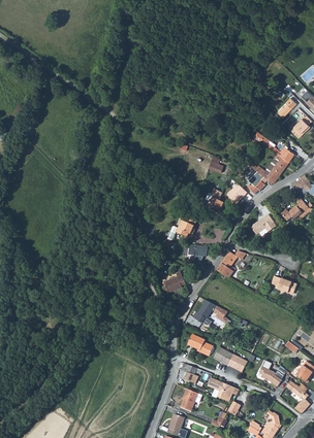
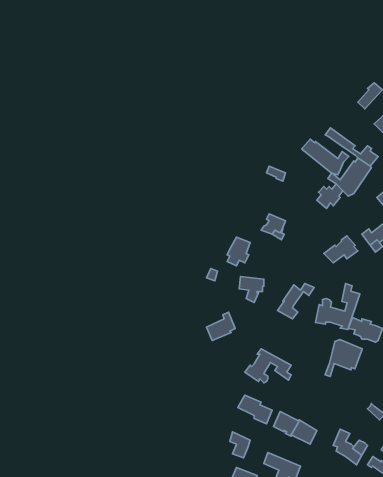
building: none -> [302,139,349,175]
building: none -> [315,284,360,330]
building: none -> [325,340,362,376]

